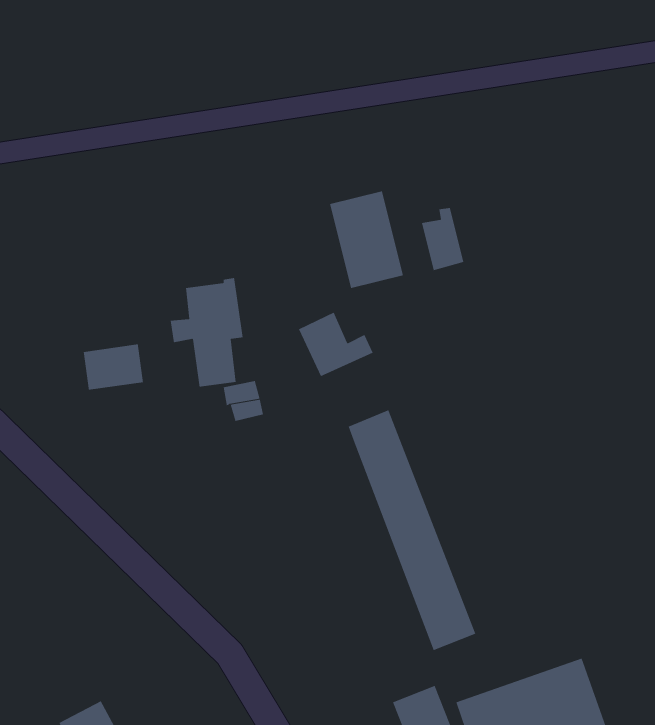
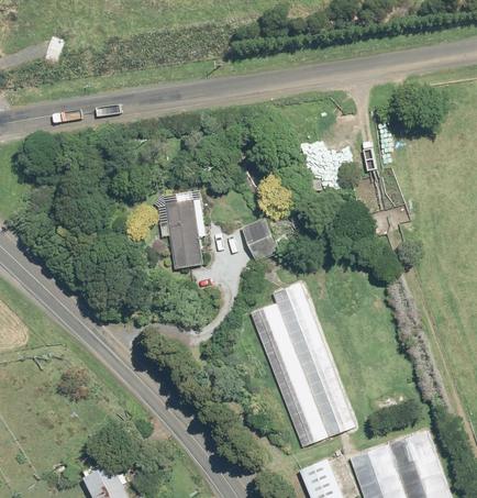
building: [330,191,404,289] -> none
building: [83,344,143,391] -> none
building: none -> [246,301,328,447]

